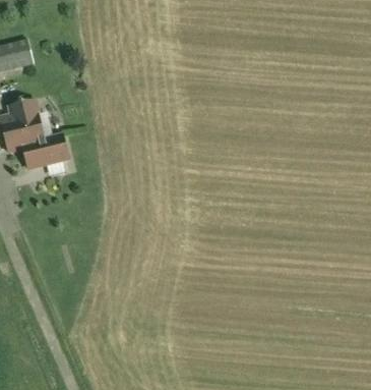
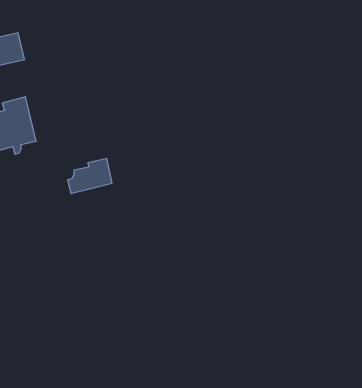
building: [25,133,68,167] -> [68,159,112,194]

